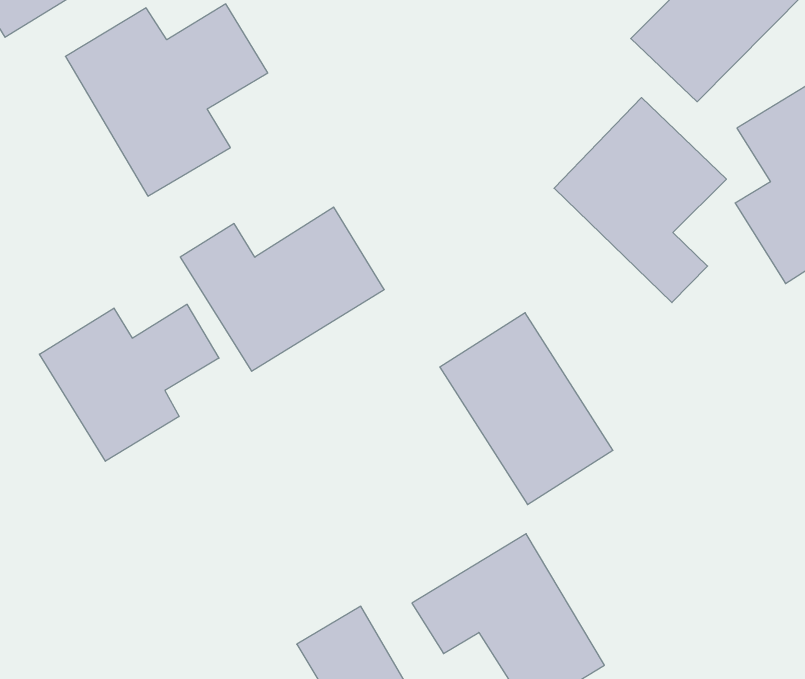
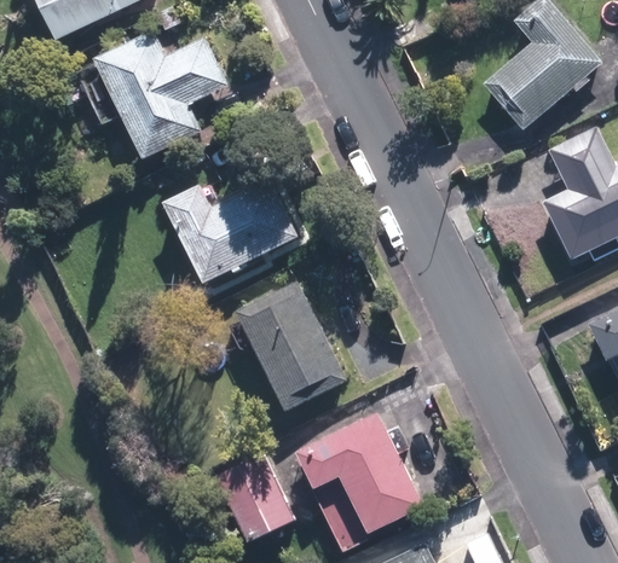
building: [554,98,726,303] -> none
building: [39,304,219,461] -> none
building: [440,313,613,505] -> [235,280,347,411]

